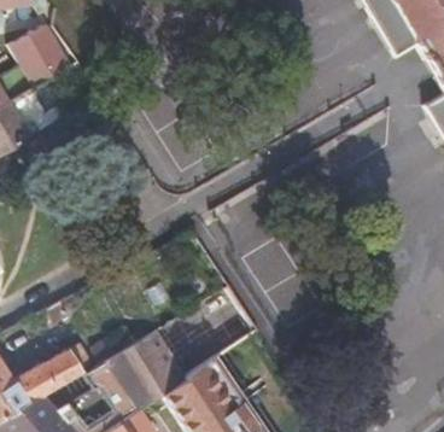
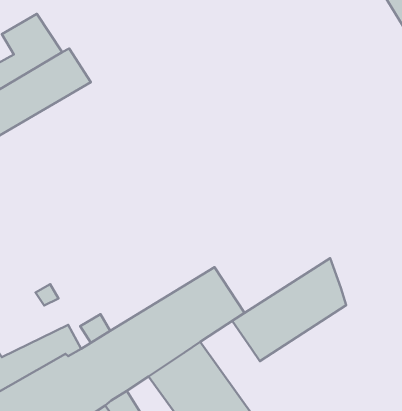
building: none -> [232,258,346,361]

